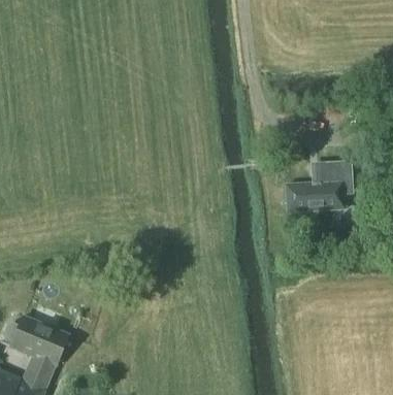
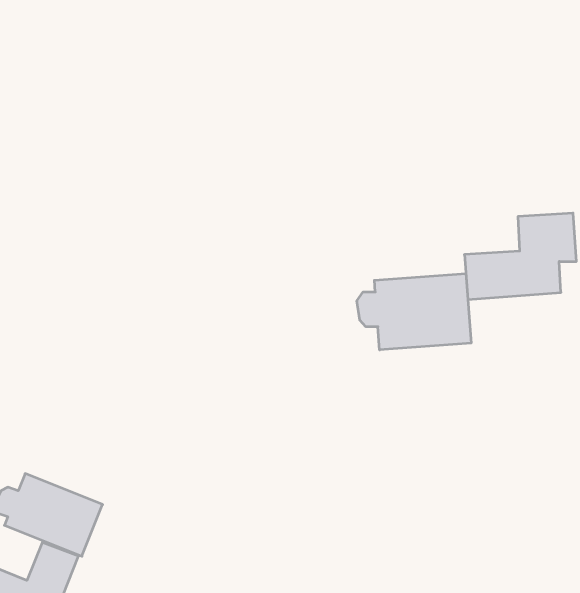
building: none -> [357,274,471,350]

